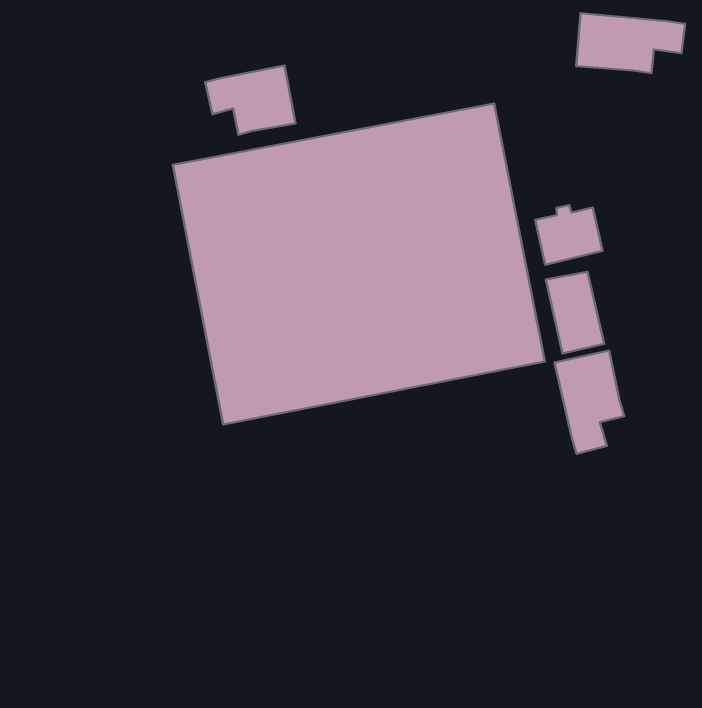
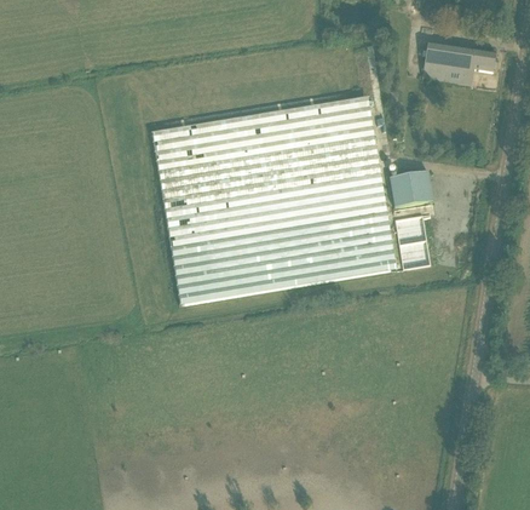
building: [205,65,296,135] -> none
building: [555,350,624,454] -> none

